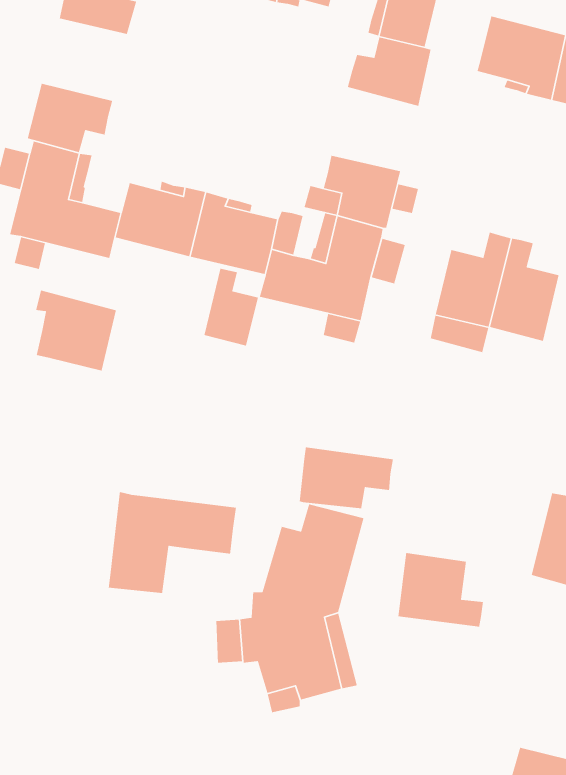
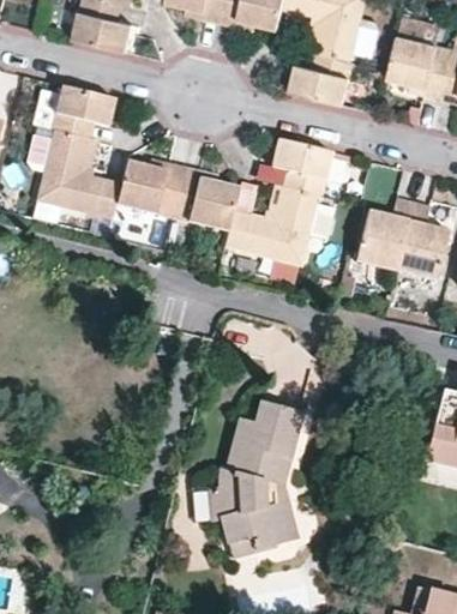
building: [203,268,259,346] -> none
building: [35,290,117,372] -> none
building: [299,447,394,509] -> none
building: [108,491,237,594] -> none
building: [398,552,484,628] -> none

